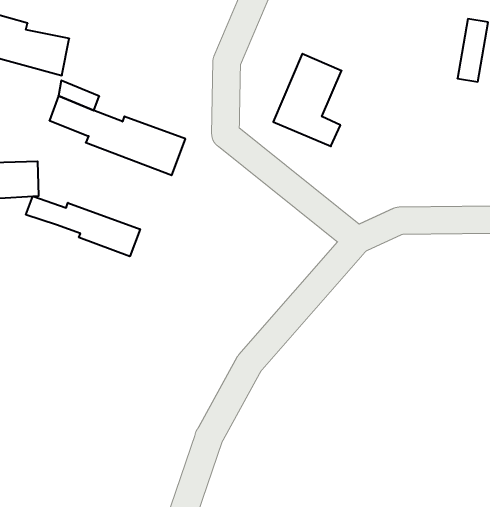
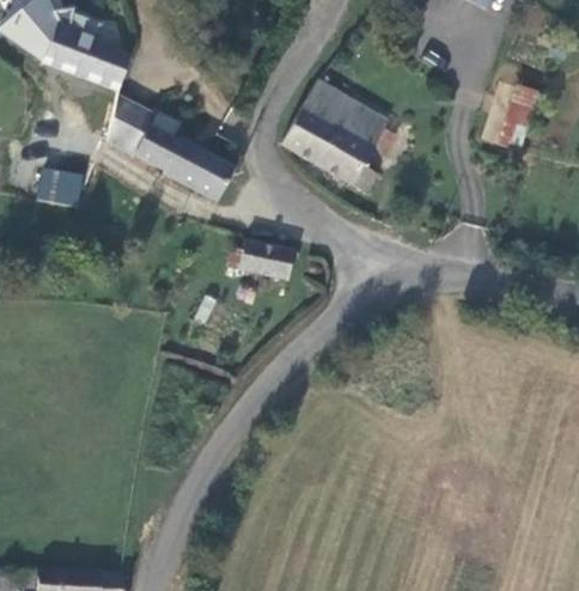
building: none -> [285,80,354,163]
building: [26,196,140,256] -> none
building: none -> [223,237,293,278]

